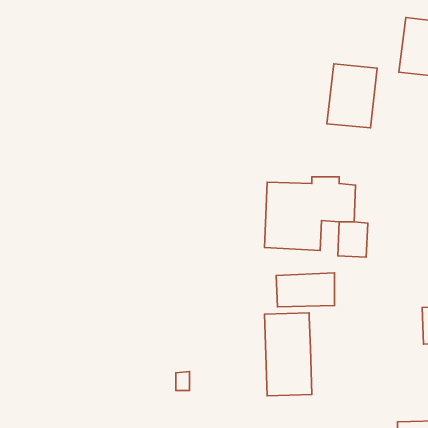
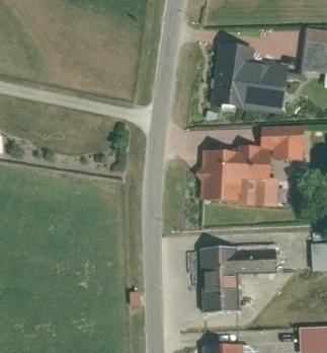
building: none -> [213,44,253,111]
building: none -> [256,125,305,160]
building: [276,273,335,307] -> [234,249,277,274]

